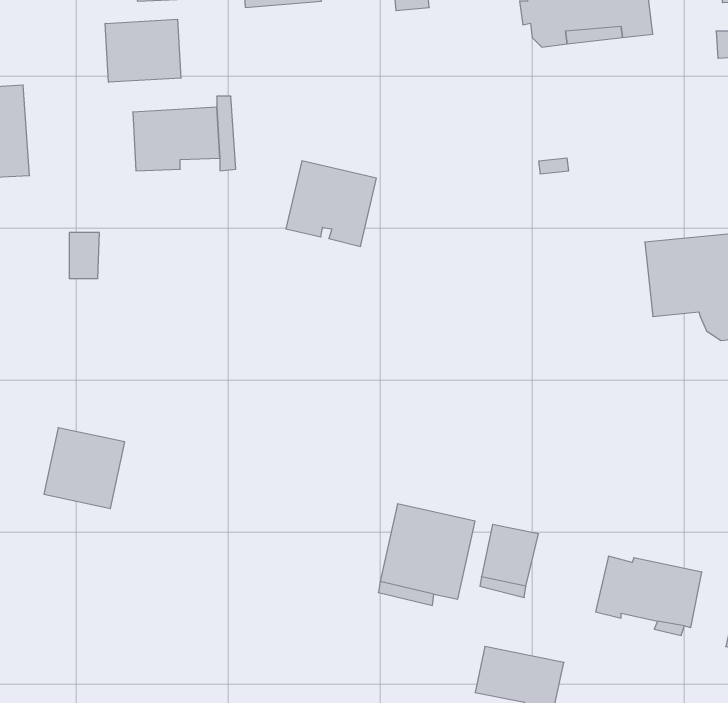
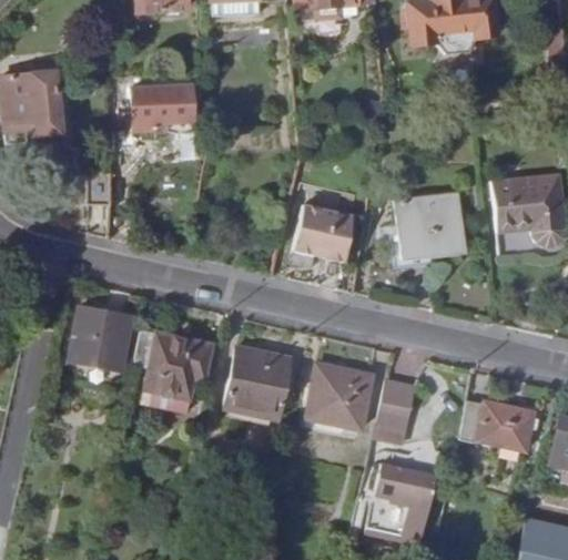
building: [105,19,181,82] -> none
building: [286,161,376,246] -> [294,204,357,264]
building: none -> [397,194,467,259]
building: none -> [133,329,213,399]
building: none -> [224,346,292,420]

